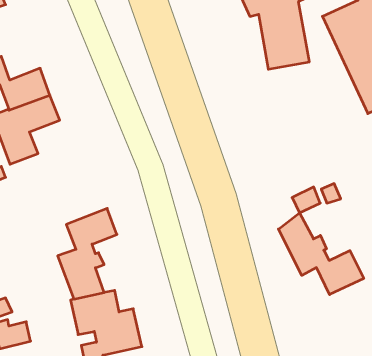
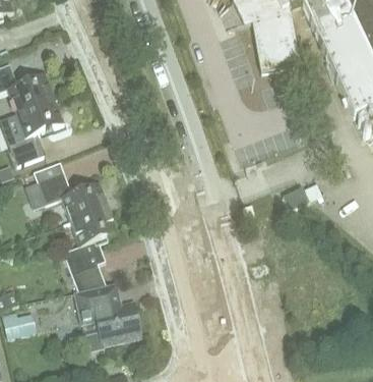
building: none -> [36,171,108,221]
building: [278,213,364,295] -> none

